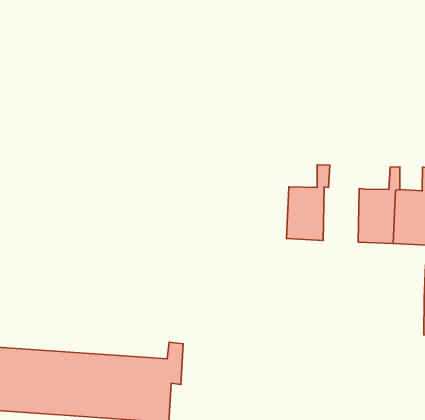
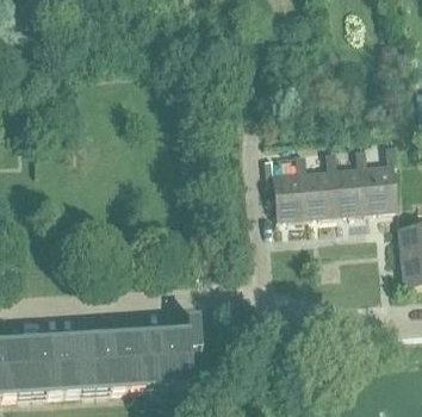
building: none -> [300,148,335,214]

